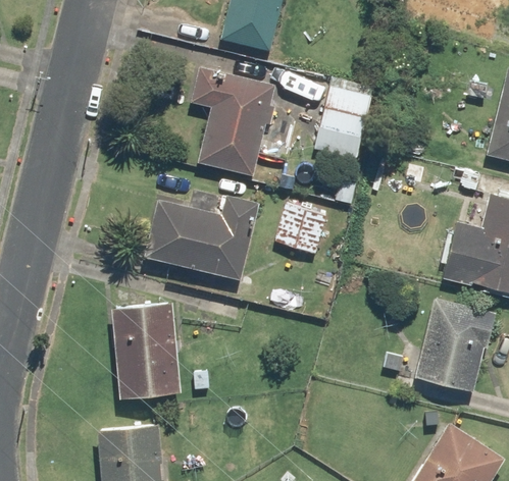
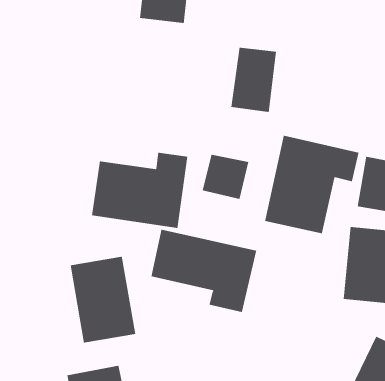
building: [190,67,275,178] -> none
building: none -> [265,135,359,234]
building: none -> [151,229,257,313]

